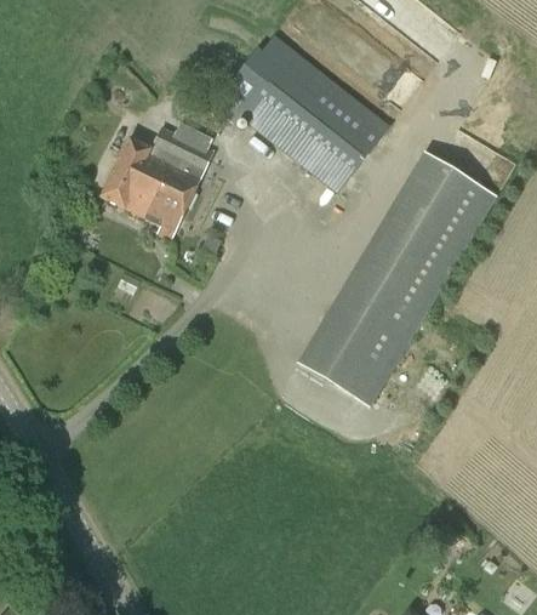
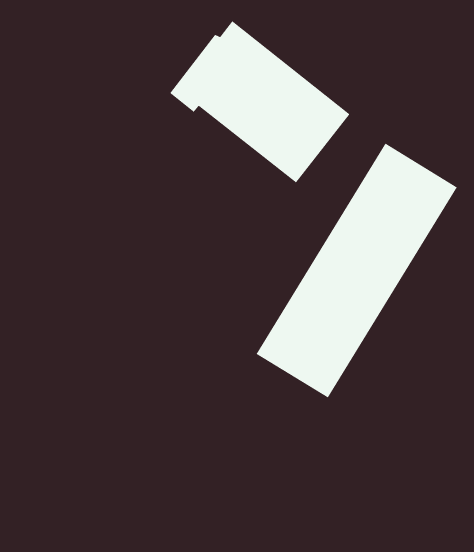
building: [101,123,213,237] -> none

